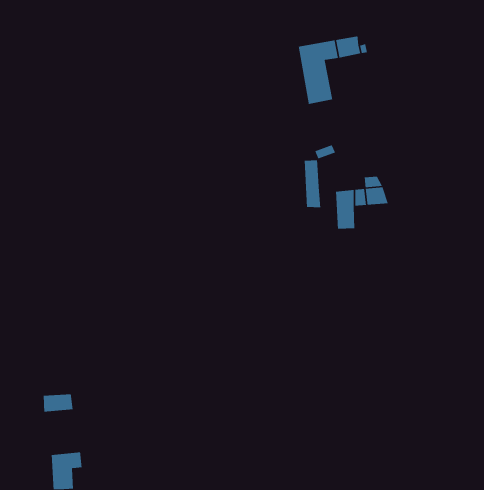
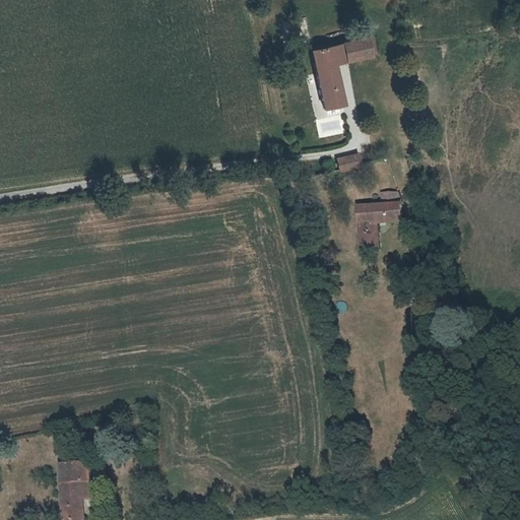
building: [304,159,321,208] -> none
building: [43,393,73,413] -> [53,461,85,481]

